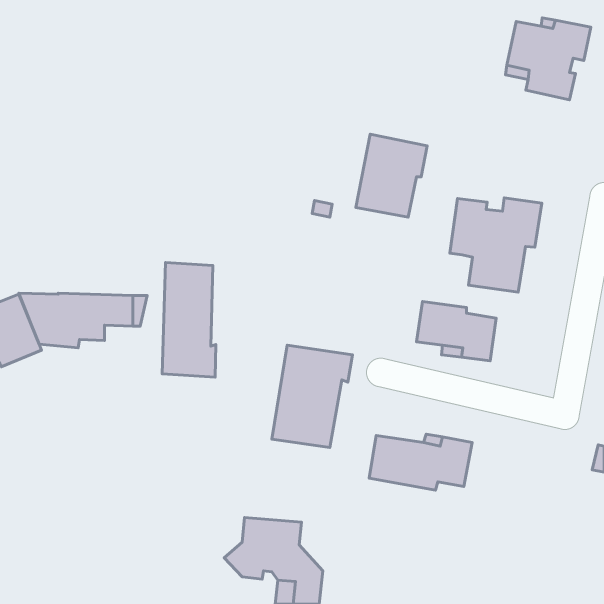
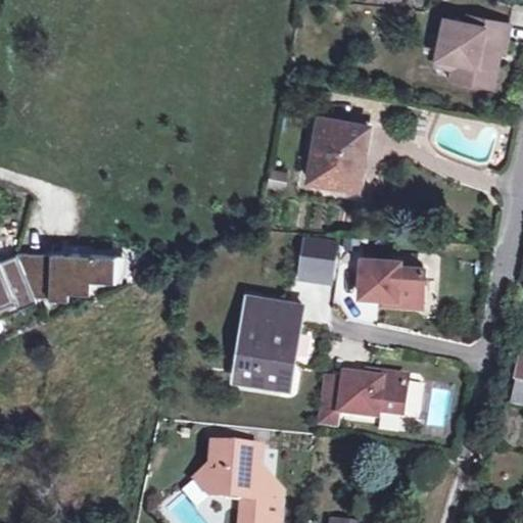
building: [450,198,542,292] -> none
building: [162,263,216,377] -> none
building: none -> [299,236,337,280]

